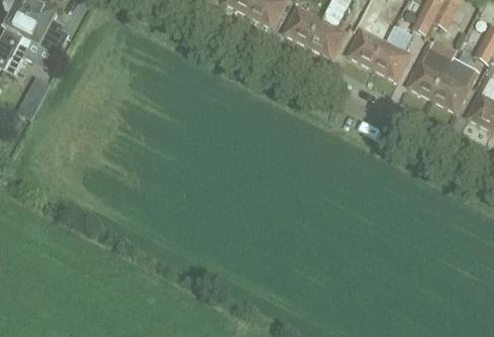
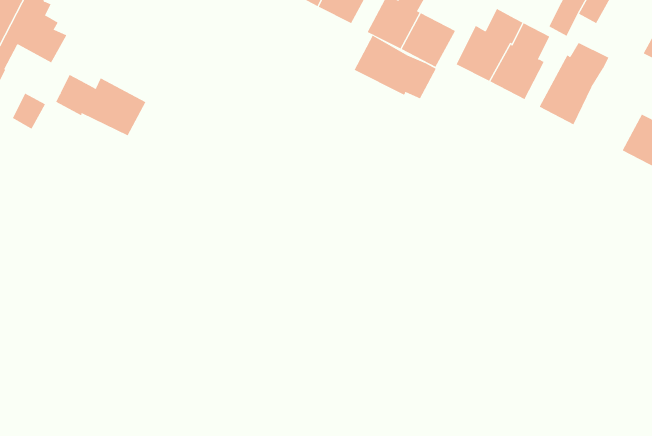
building: none -> [354,35,437,99]
building: [430,59,476,112] -> none
building: none -> [55,74,146,136]

